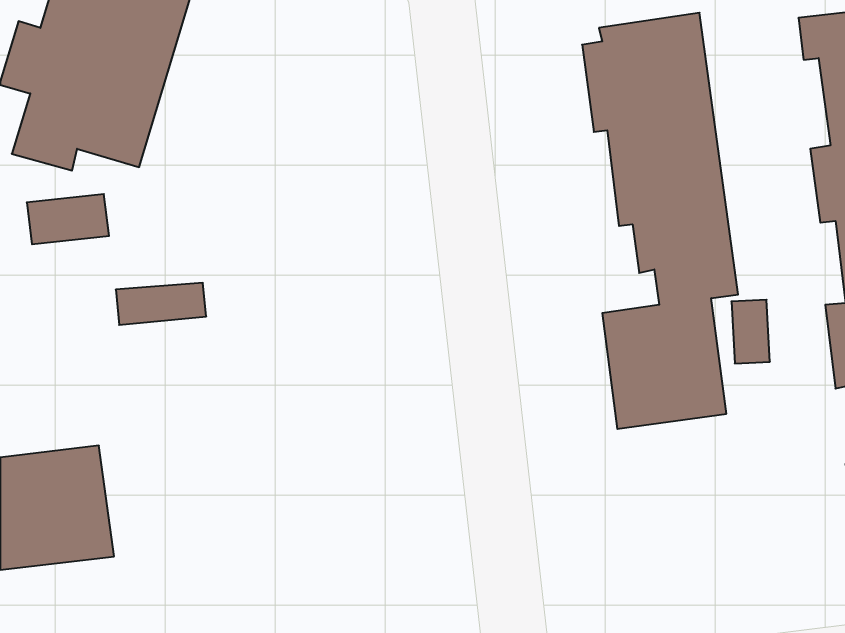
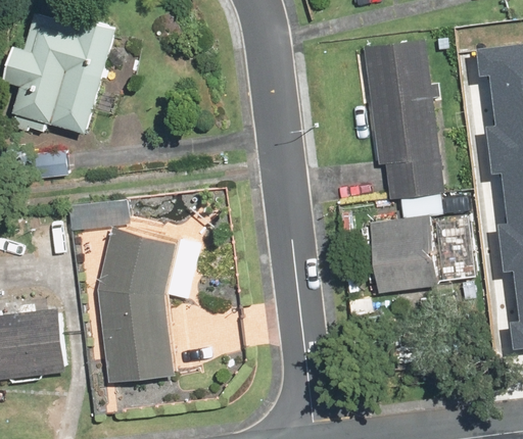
building: none -> [96,230,200,385]

